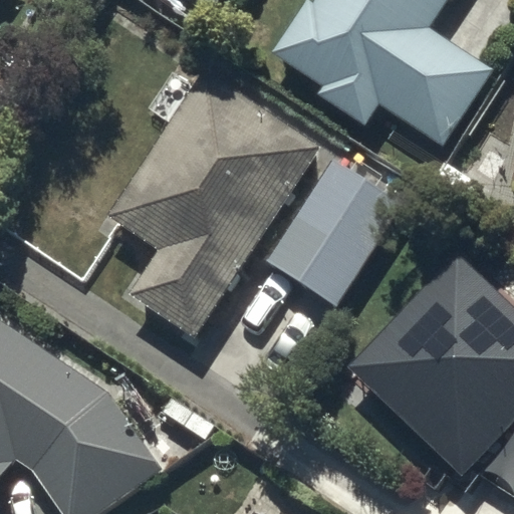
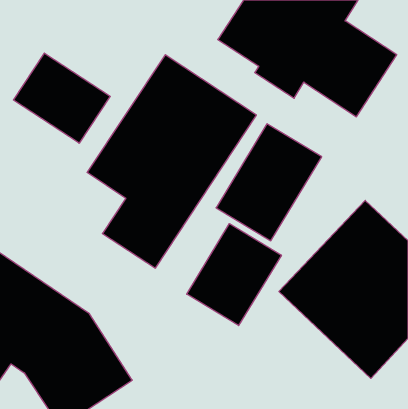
building: none -> [13,53,110,143]
building: none -> [187,224,281,326]

